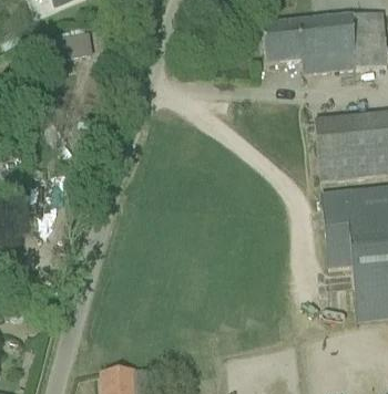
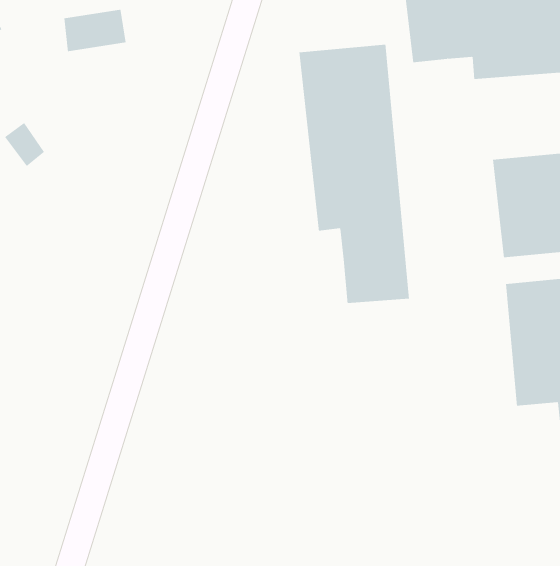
building: none -> [299,44,410,304]

